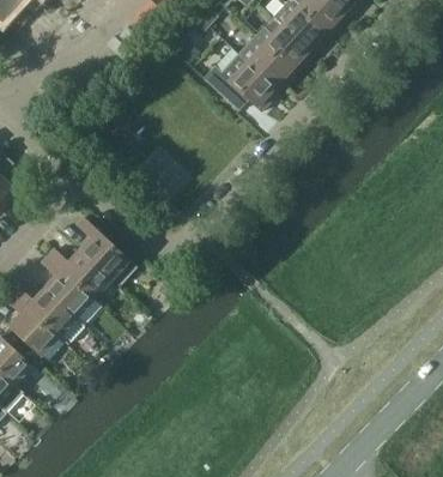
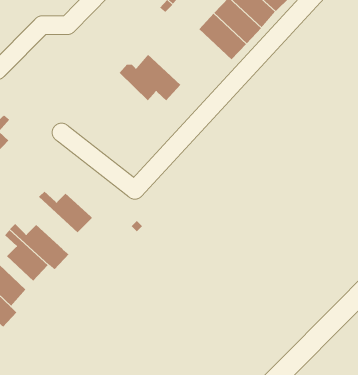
building: [202,55,277,111] -> [119,54,181,101]
building: [77,217,136,286] -> none
building: [41,255,93,318] -> none

